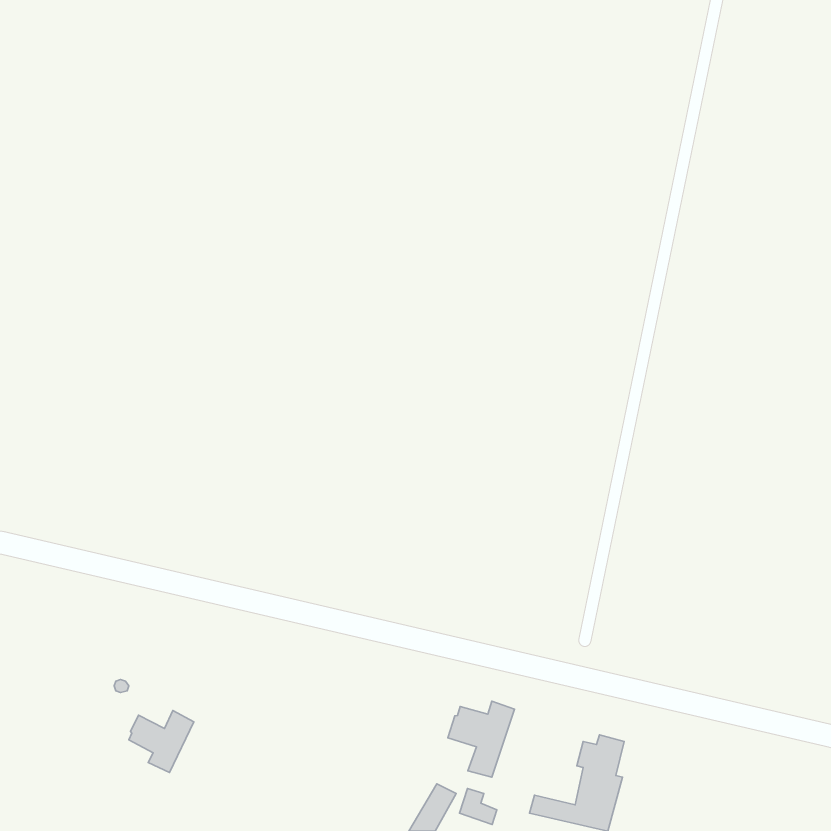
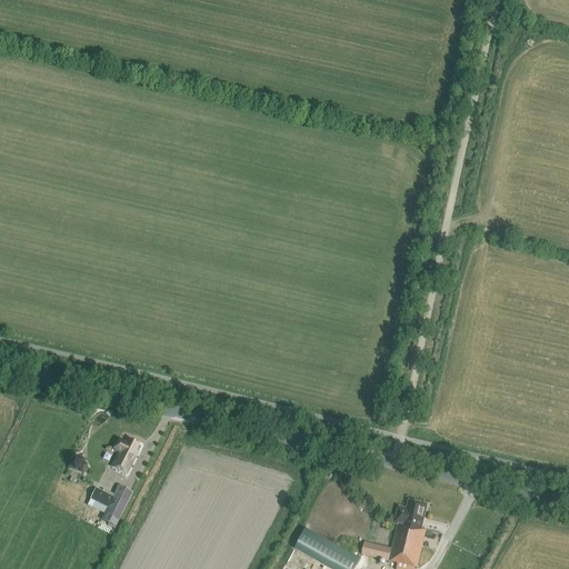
building: none -> [112,438,139,473]
building: [448,701,515,777] -> none

